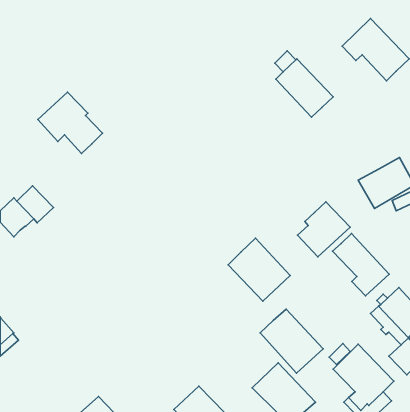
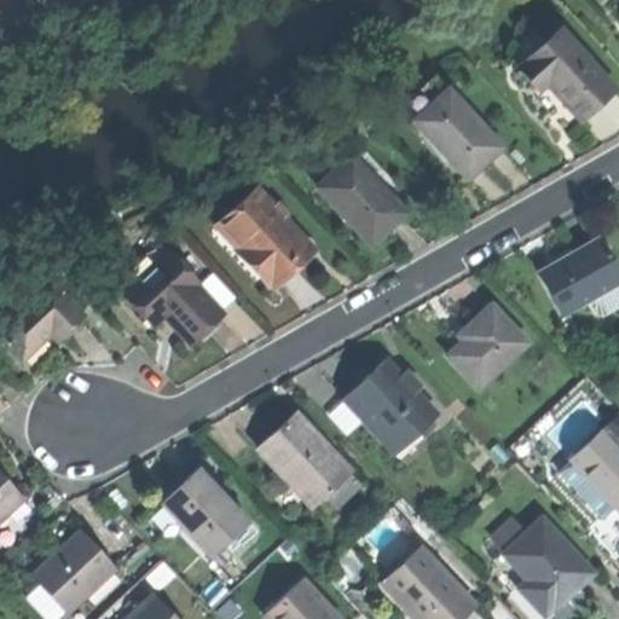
building: [38,92,102,154] -> [127,250,224,342]
building: none -> [323,157,411,247]
building: none -> [225,186,314,283]
building: [333,234,389,296] -> none
building: [260,309,323,373] -> [259,412,353,508]
building: none -> [162,468,251,559]
building: none -> [33,530,117,613]

